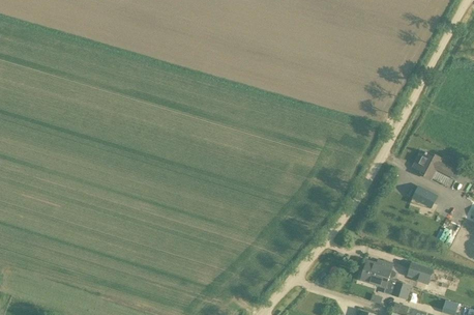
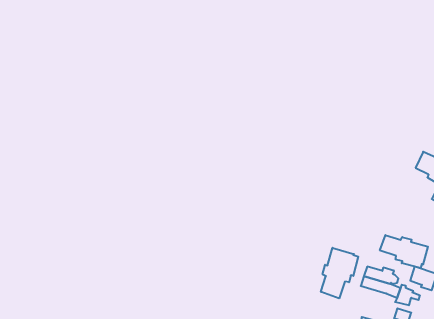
building: none -> [380,235,428,268]
building: none -> [321,248,358,298]

